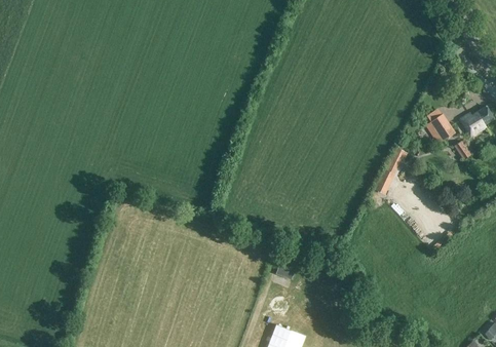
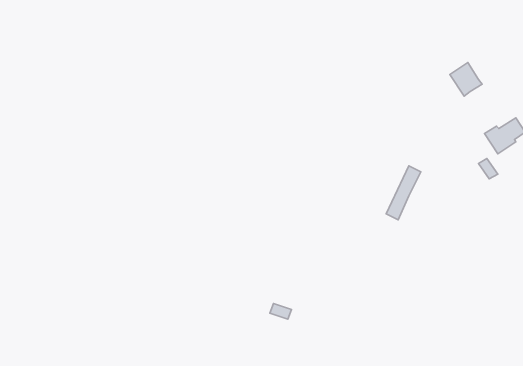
building: [427,114,455,143] -> [450,63,482,96]

